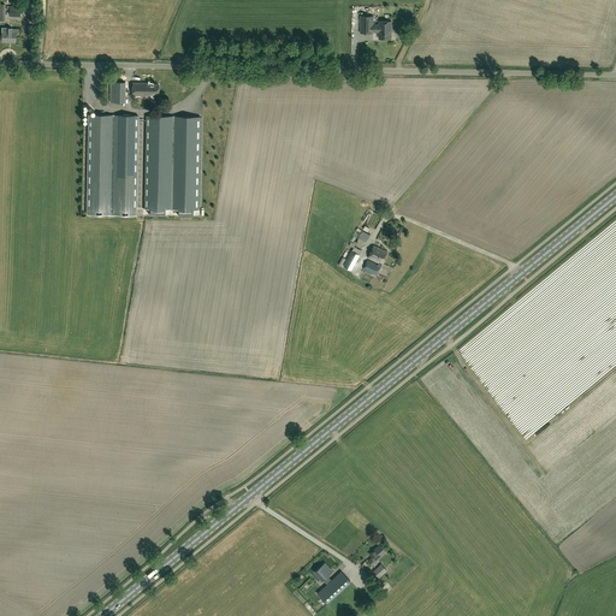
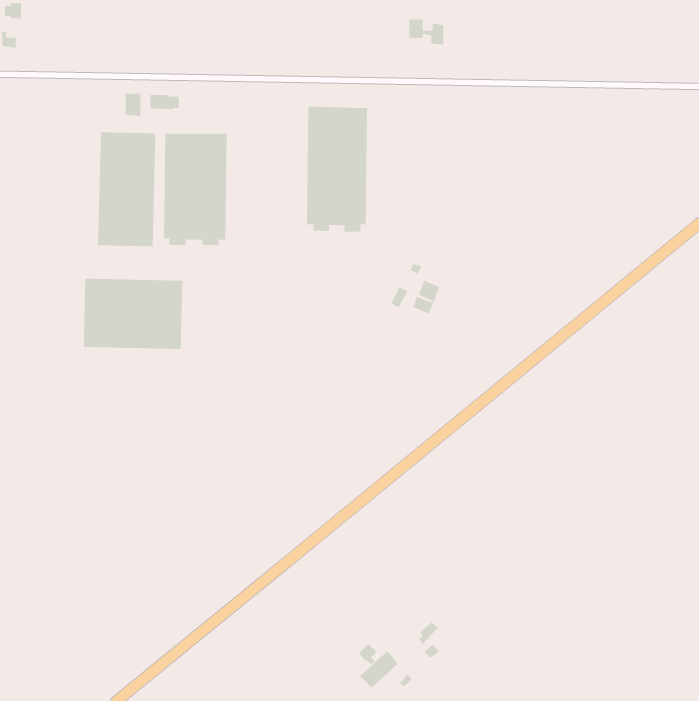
building: none -> [306,106,368,233]
building: none -> [83,278,183,350]

